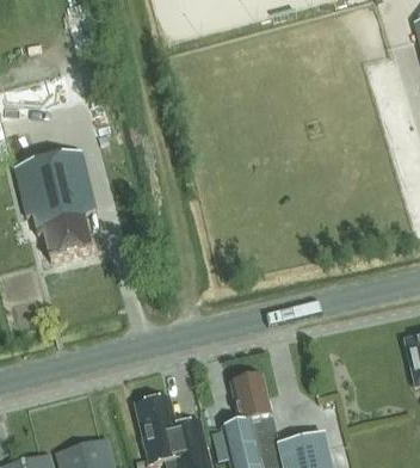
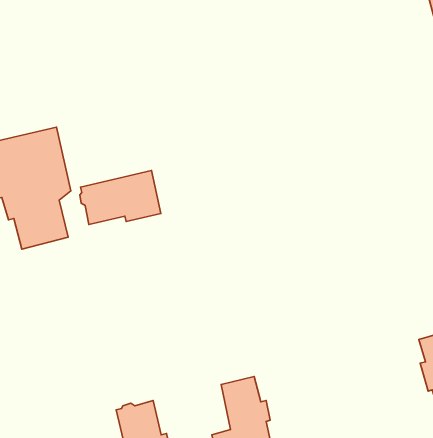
building: none -> [80,171,161,225]

